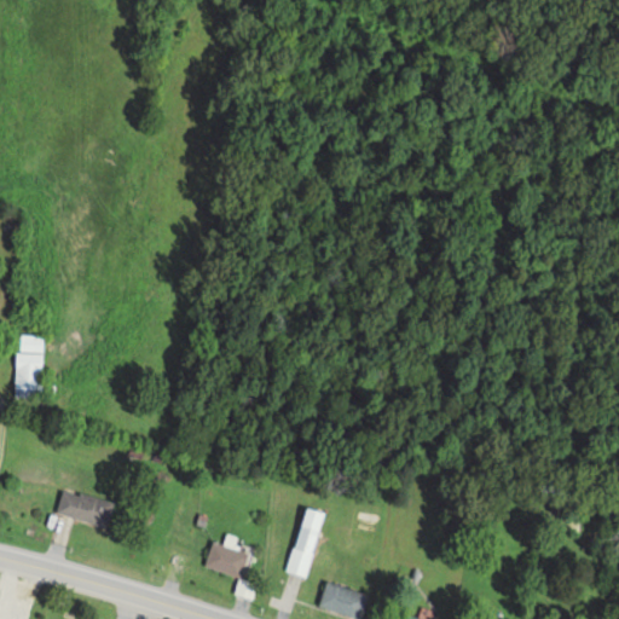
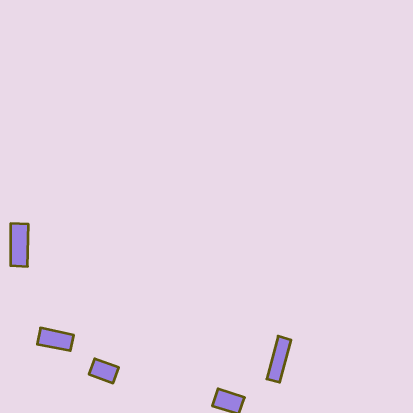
building: [288,508,324,577] -> [267,336,291,382]
building: [204,542,249,578] -> [89,359,119,383]

